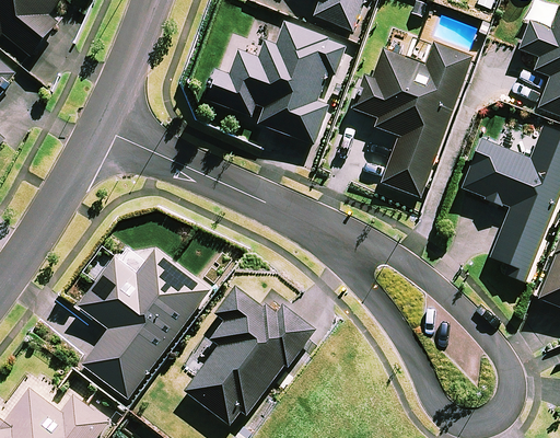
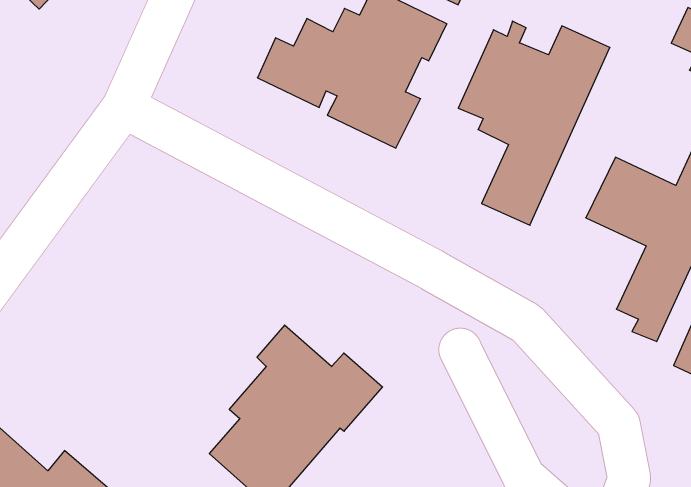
building: [79,250,209,397] -> none

